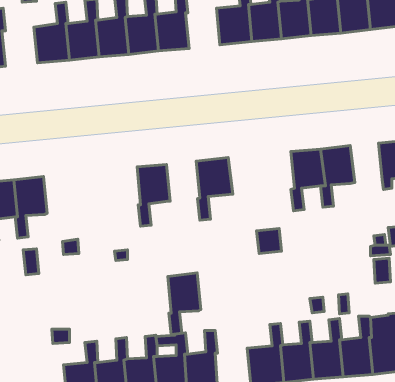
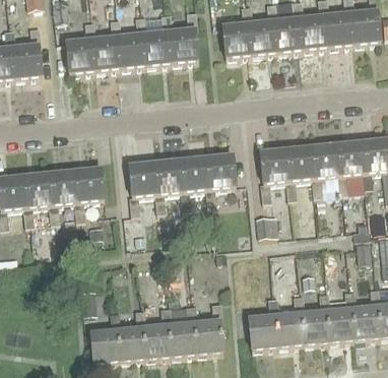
building: none -> [336,141,364,193]
building: none -> [259,148,288,201]
building: none -> [128,162,156,214]
building: none -> [73,168,104,221]
building: [168,273,201,334] -> [179,156,207,209]

